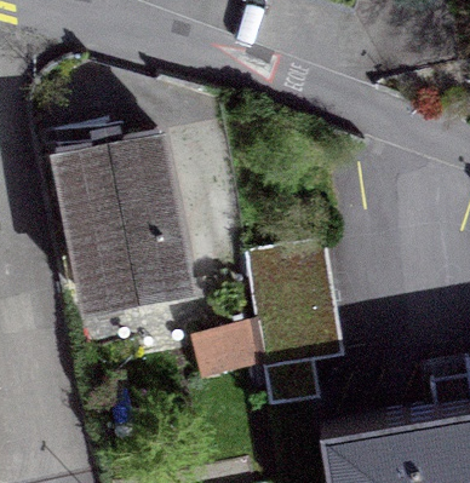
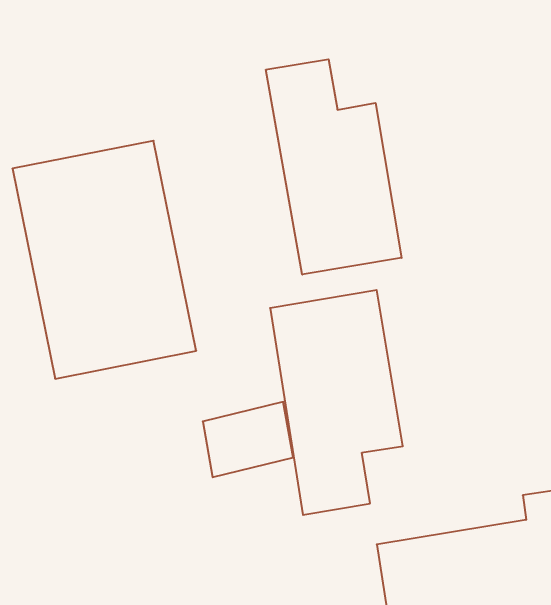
building: none -> [266,59,402,275]

